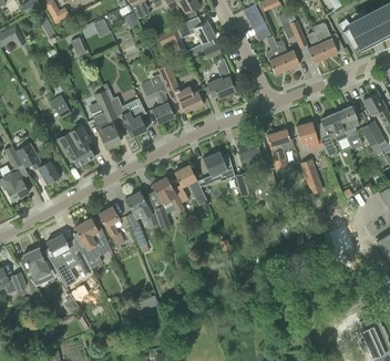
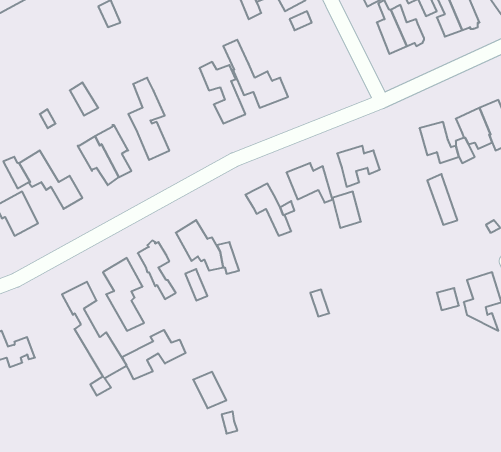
building: [207,58,236,97] -> none
building: [110,96,146,136] -> none
building: [267,128,295,169] -> none
building: [152,176,184,213] -> none
building: [23,247,52,286] -> none
building: none -> [122,330,186,379]

